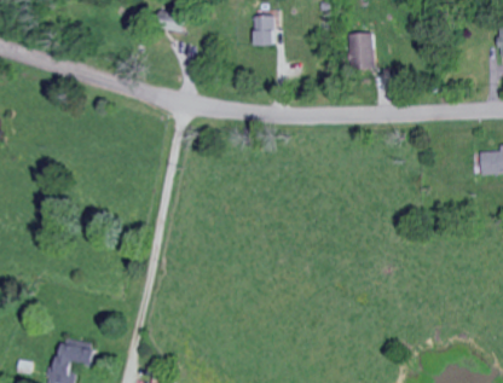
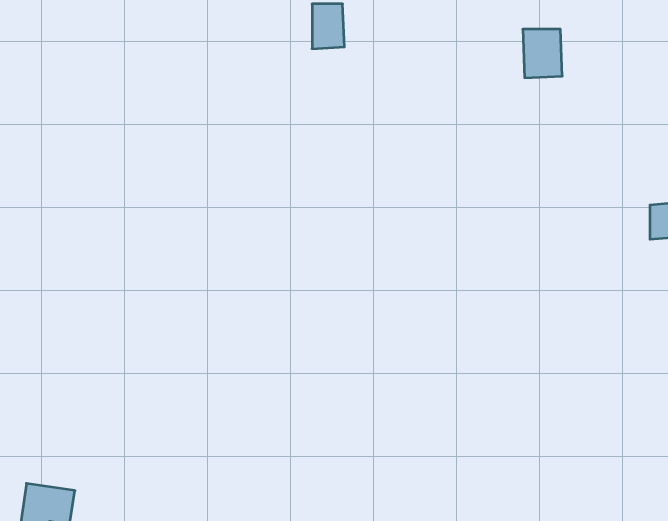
building: [347,33,374,65] -> [523,29,562,78]

